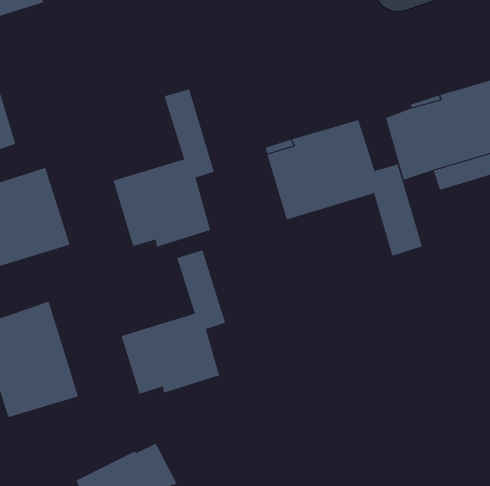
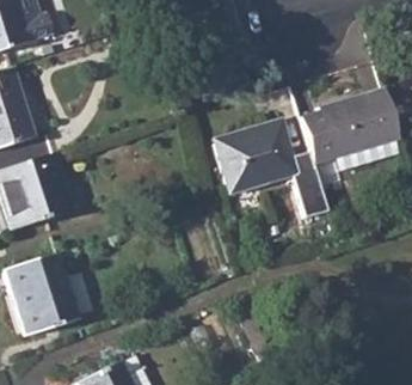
building: [113,89,215,247] -> none
building: [121,250,226,395] -> none

